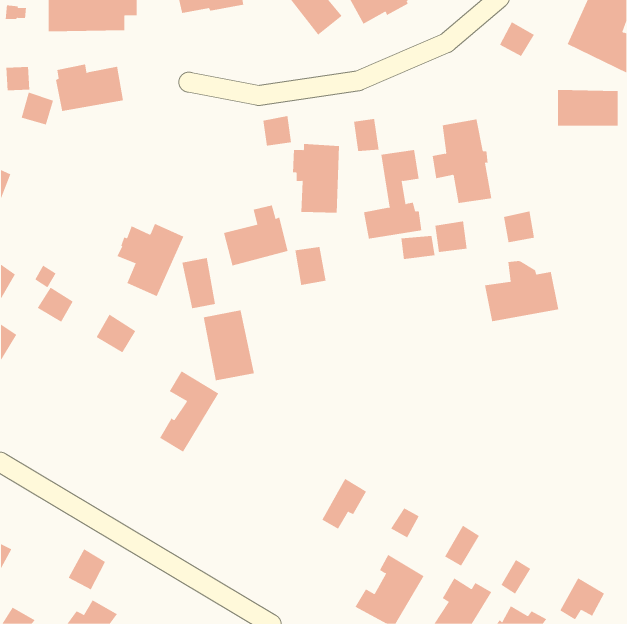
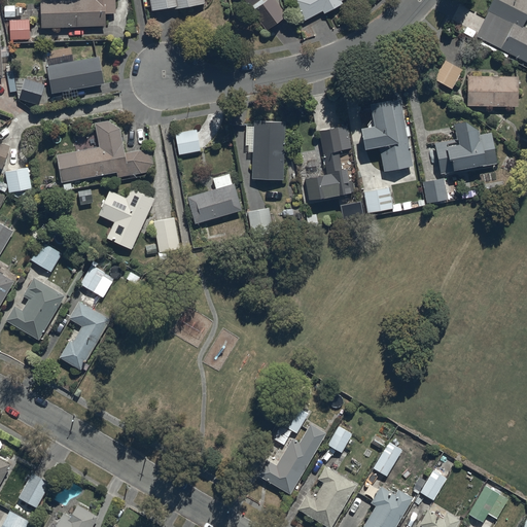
building: [499,21,535,57] -> [432,59,462,89]
building: [6,66,30,91] -> [9,19,30,39]
building: [262,116,292,146] -> [175,129,200,154]
building: [354,118,379,152] -> none
building: none -> [57,120,152,182]
building: none -> [5,166,31,192]
building: [401,235,435,260] -> none
building: [484,261,559,322] -> [434,121,497,173]
building: [203,310,254,381] -> none
building: none -> [5,278,65,340]
building: [159,370,219,453] -> [60,301,110,370]
building: none -> [257,423,325,493]
building: [68,548,106,590] -> [19,472,50,507]

